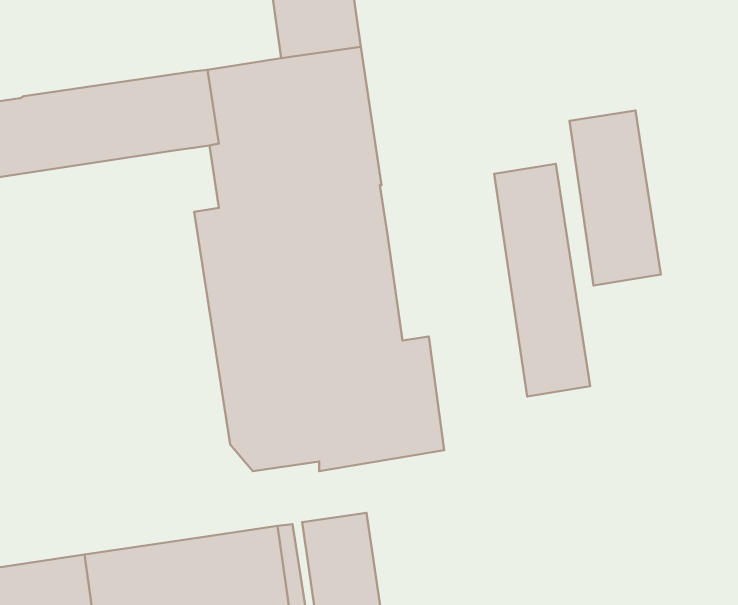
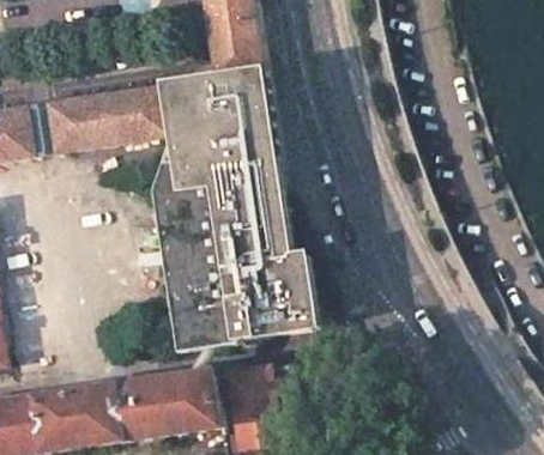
building: [570,110,661,285] -> none
building: [494,164,590,397] -> none

